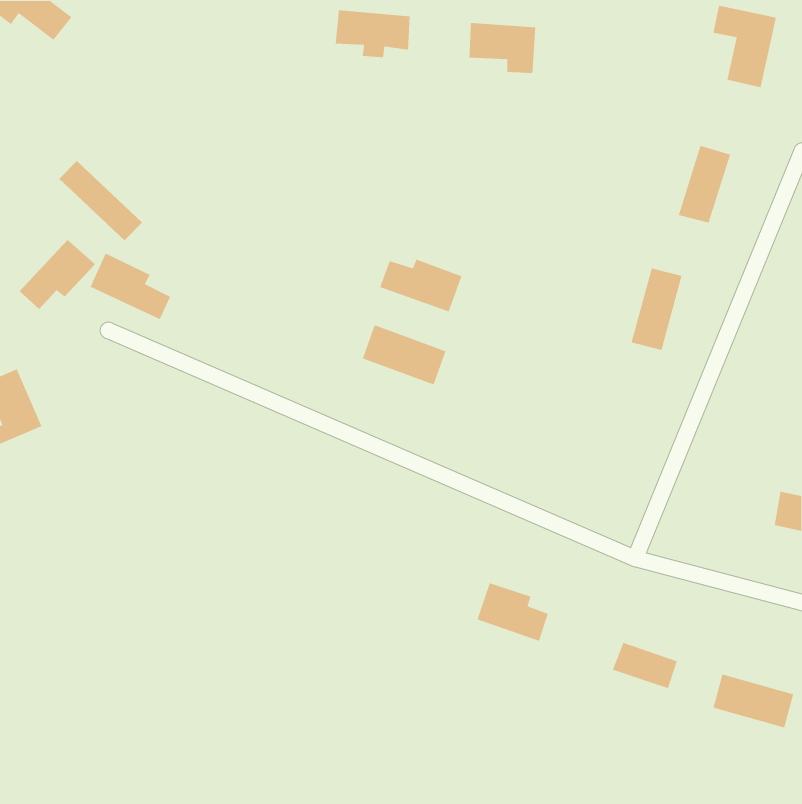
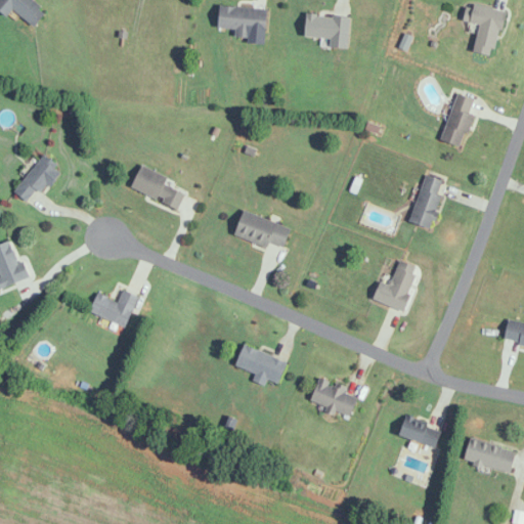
building: [58,160,143,241] -> none
building: [89,252,171,320] -> [131,165,184,209]
building: [379,258,463,312] -> none
building: none -> [373,261,420,312]
building: none -> [89,290,138,328]
building: none -> [235,346,287,386]

